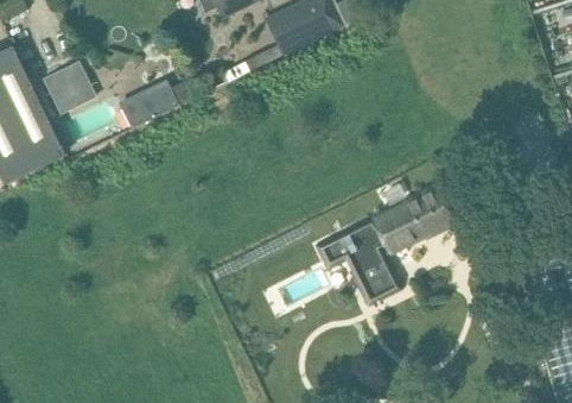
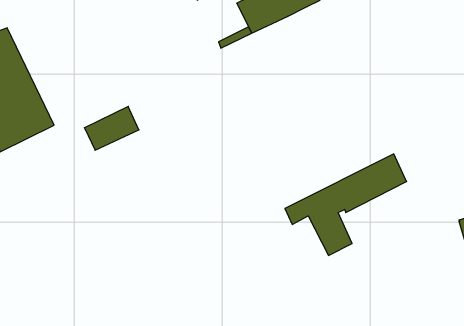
building: [45,63,87,114] -> none
building: [119,80,179,128] -> [84,106,139,150]

